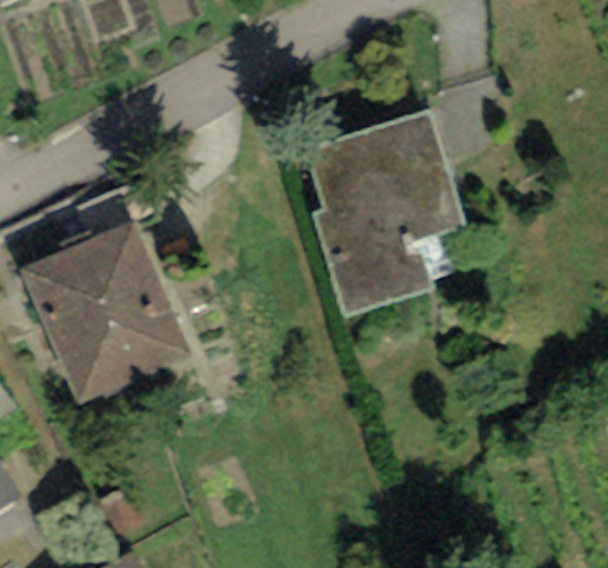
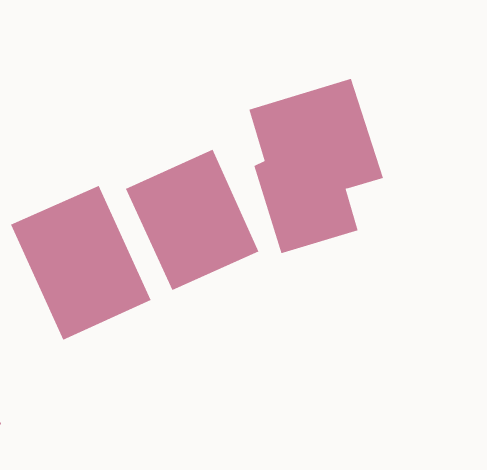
building: none -> [125,149,259,291]

